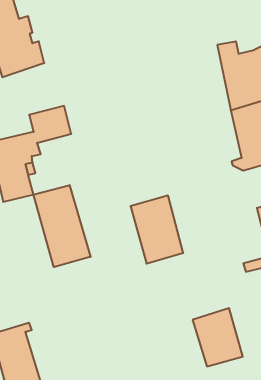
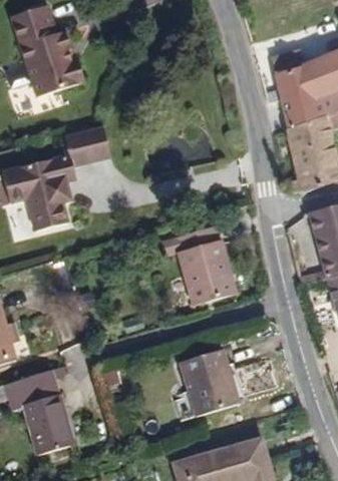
building: [34,185,91,267] -> none
building: [193,308,243,366] -> [175,350,231,415]

